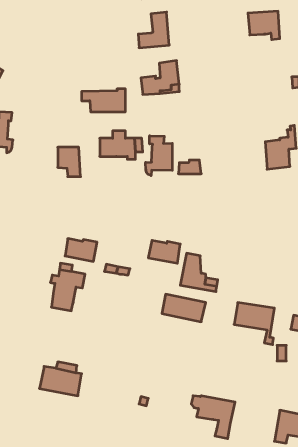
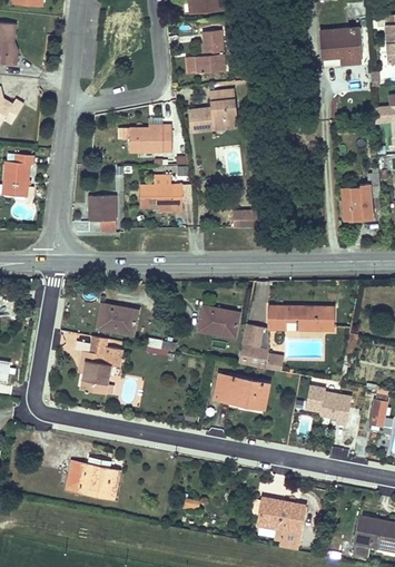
building: [146,136,172,176] -> none
building: none -> [268,306,334,329]

